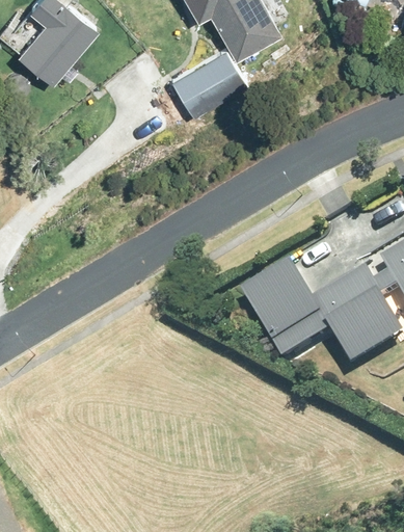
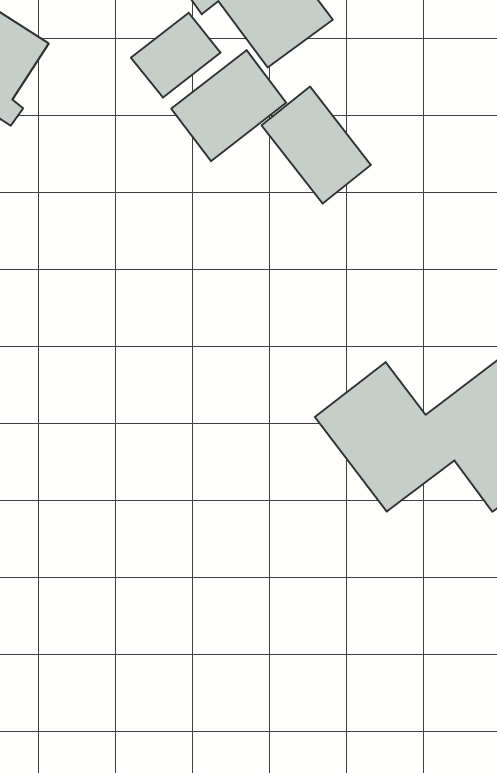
building: none -> [131,13,221,98]
building: none -> [262,87,371,204]

